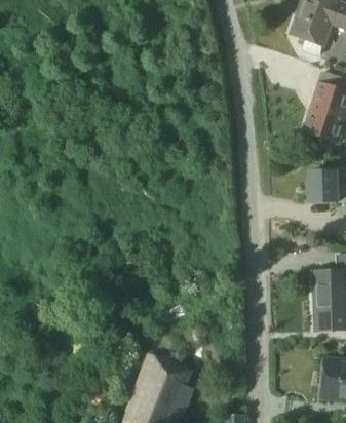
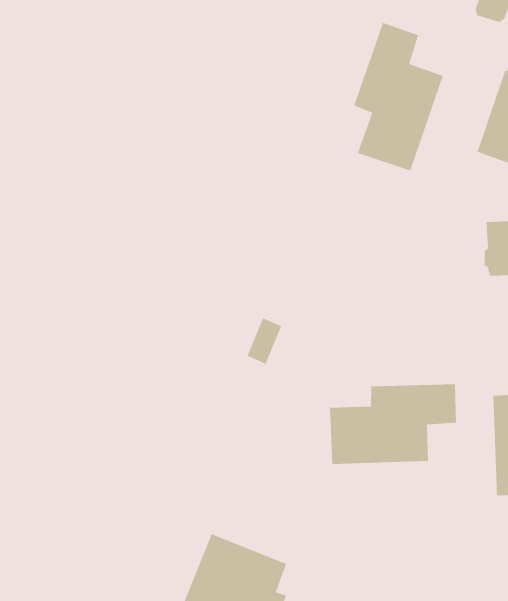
building: none -> [353,22,444,172]
building: none -> [329,383,457,465]

